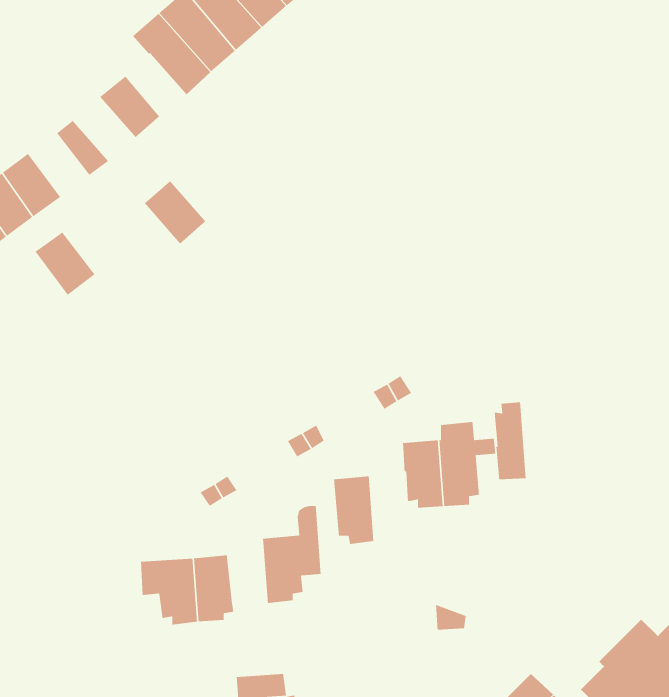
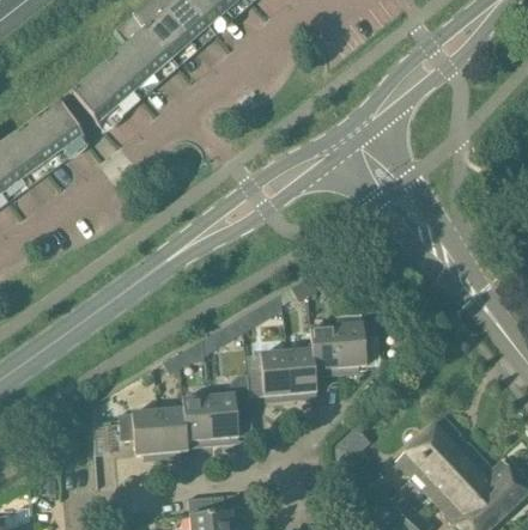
building: none -> [108,45,152,91]
building: [144,180,206,244] -> [69,77,115,123]
building: [35,232,96,296] -> [37,103,81,150]
building: [494,402,526,480] -> none
building: none -> [285,349,315,400]
building: none -> [181,397,211,446]
building: none -> [396,418,483,507]

